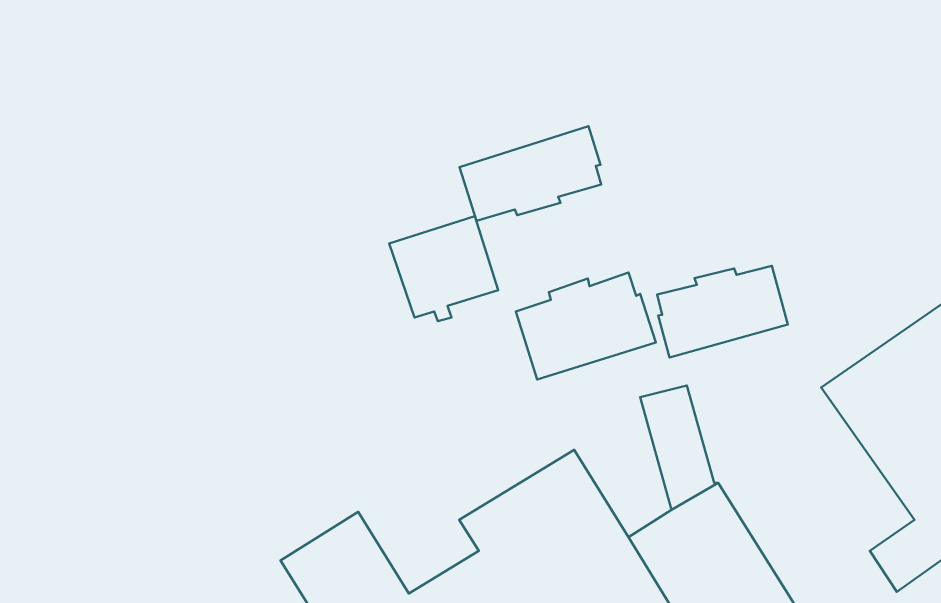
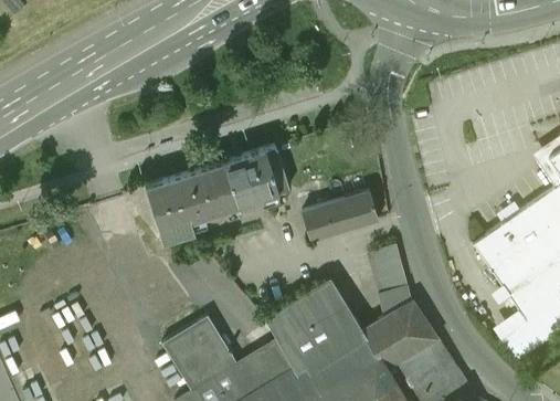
building: [459,126,601,221] -> none
building: none -> [146,163,241,242]
building: [657,266,788,357] -> none

